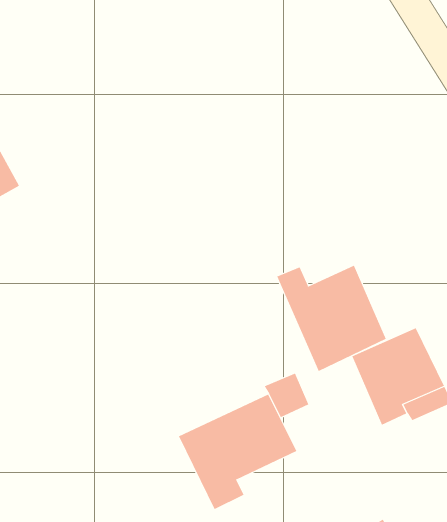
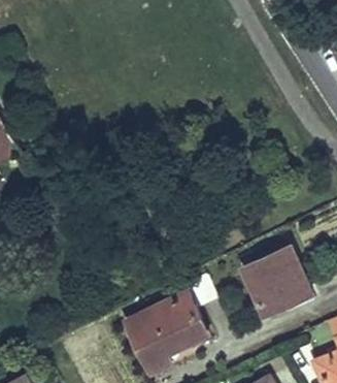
building: [276,265,387,372] -> none

